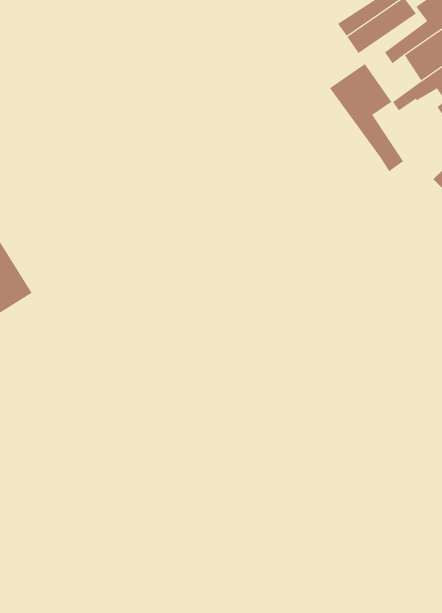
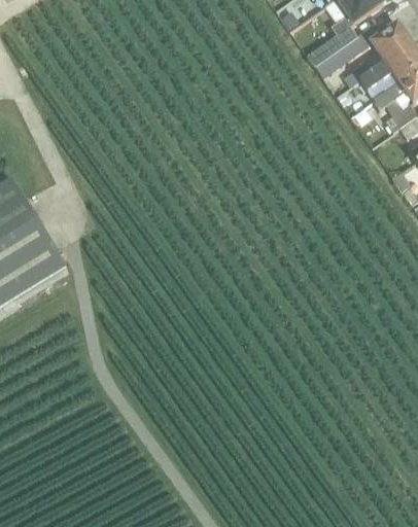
building: [329,63,404,172] -> none

